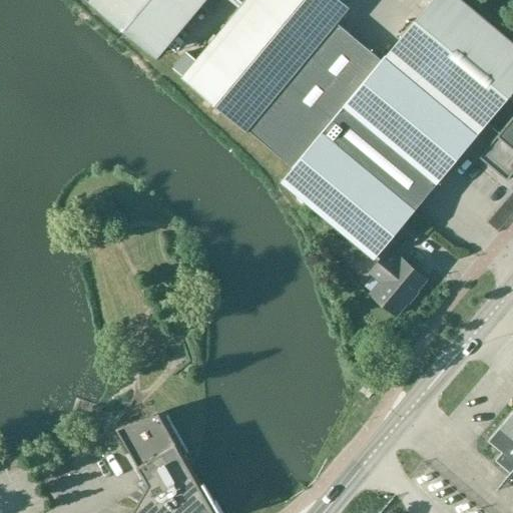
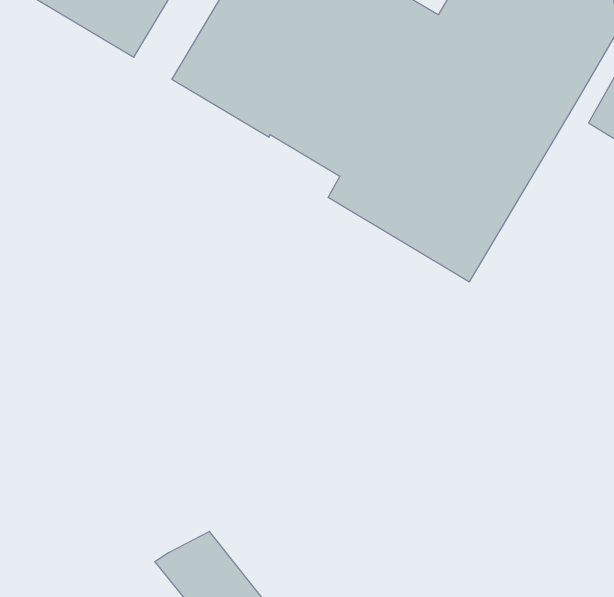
building: [371,251,426,316] -> none

